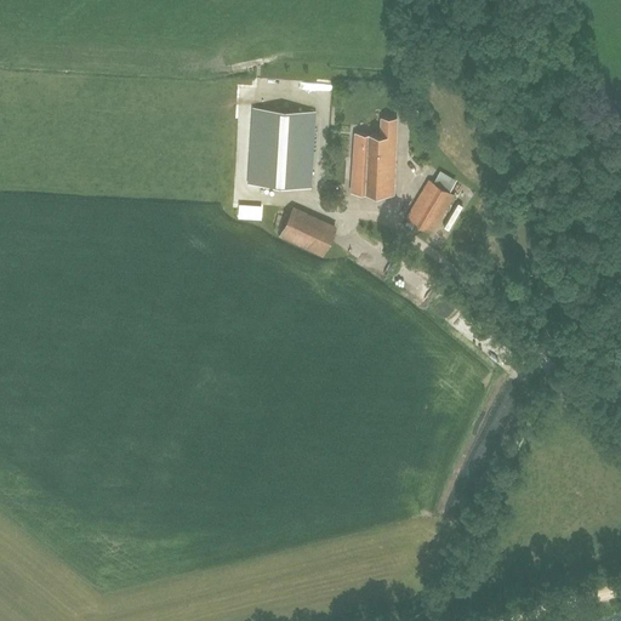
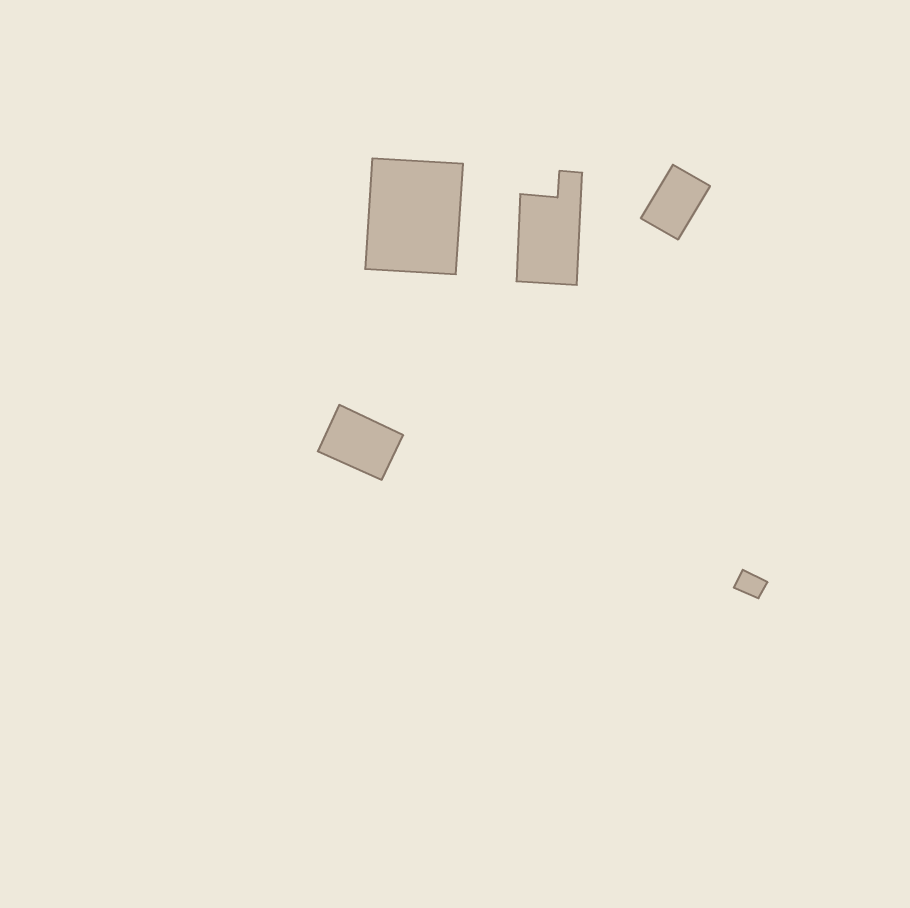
building: [406,182,454,233] -> [641,165,710,239]
building: [279,206,337,257] -> [318,405,403,480]

